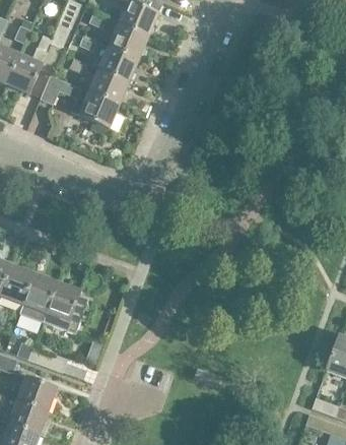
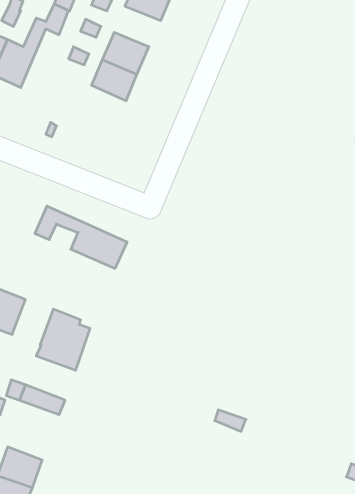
building: [108,24,147,59] -> none
building: [40,74,118,127] -> [35,206,127,268]
building: [18,273,56,321] -> none
building: [17,376,56,409] -> none

